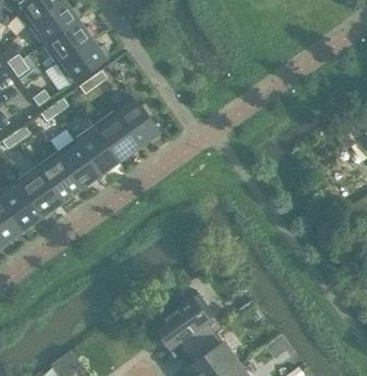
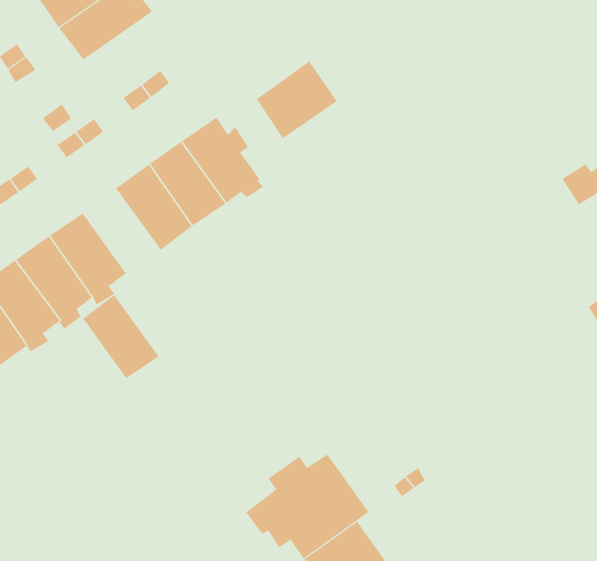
building: [56,39,110,84] -> none
building: none -> [256,61,337,139]
building: [56,139,101,189] -> [82,294,160,379]

